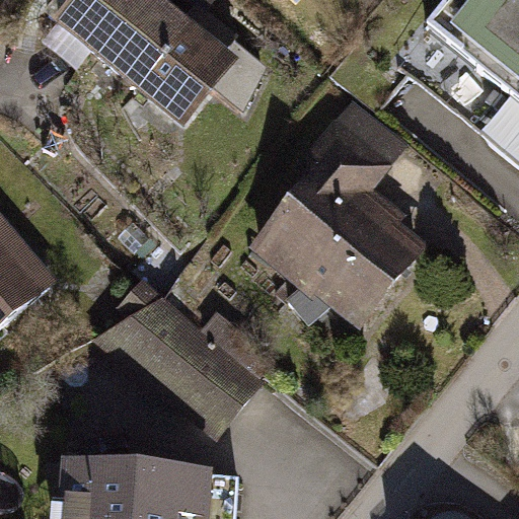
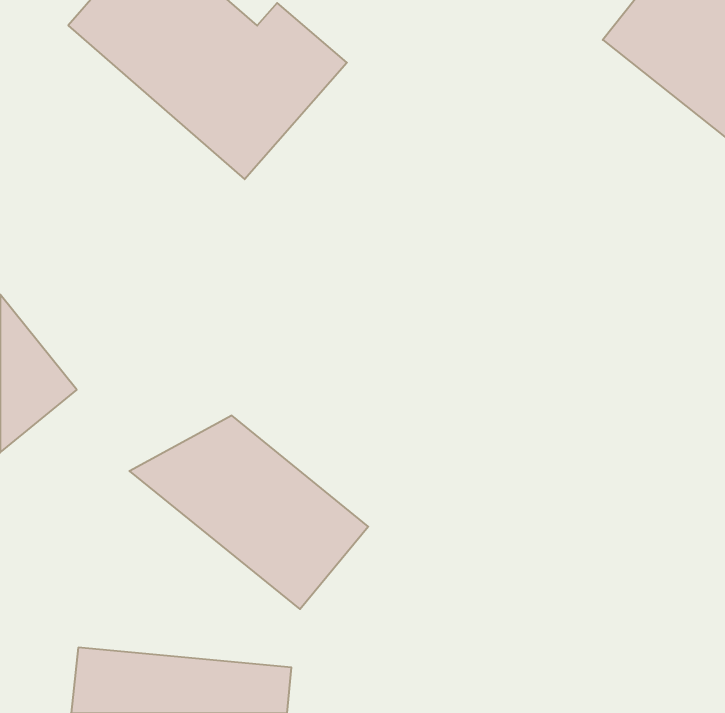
building: [248,104,428,330] -> none

